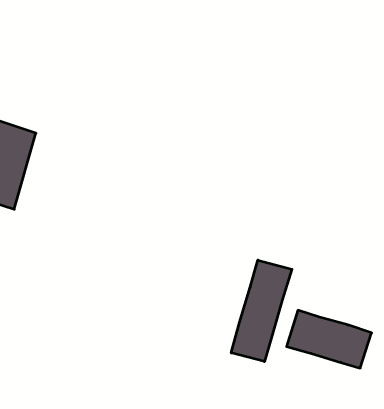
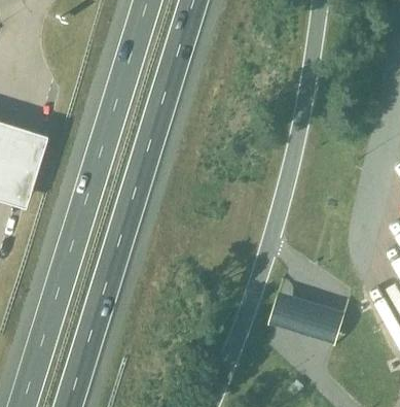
building: [231,260,292,362] -> none

